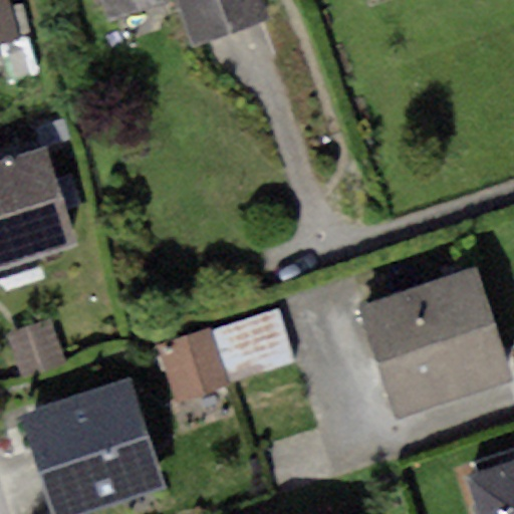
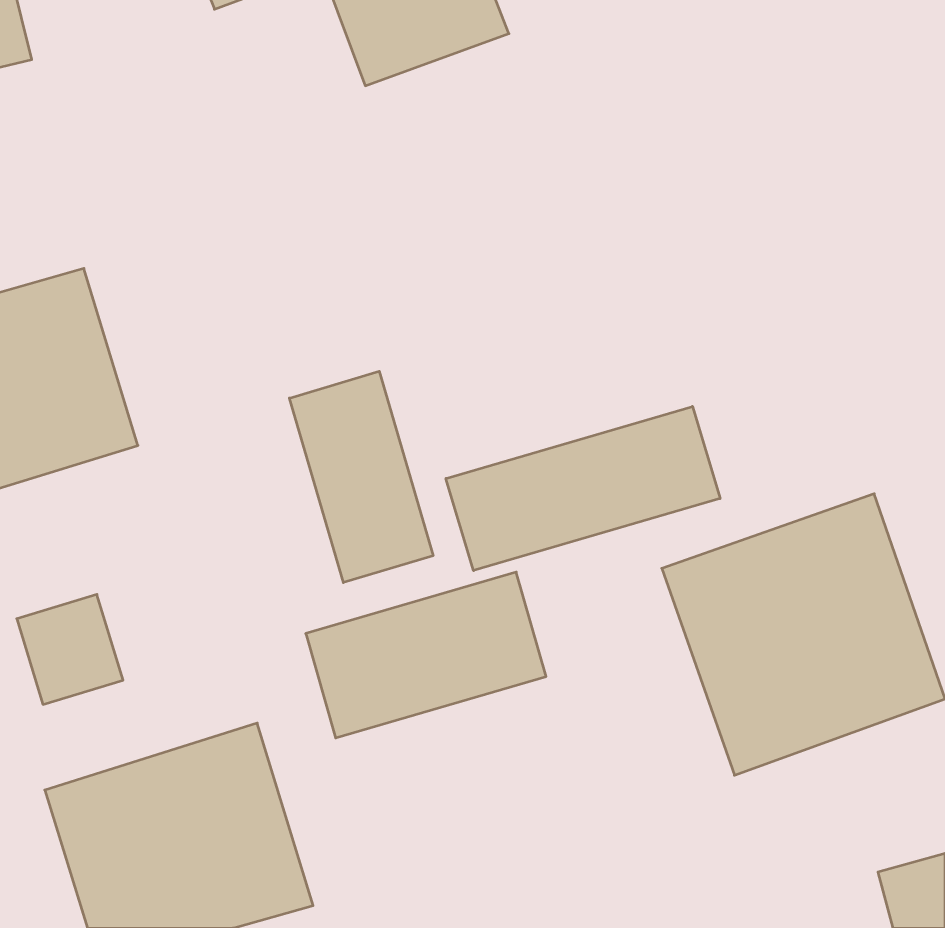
building: none -> [289,371,433,583]
building: none -> [446,406,720,571]

